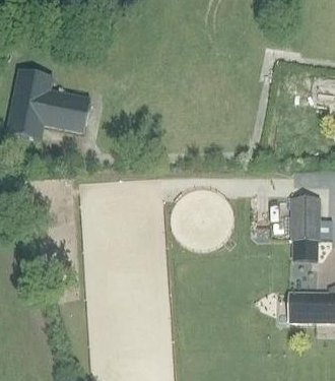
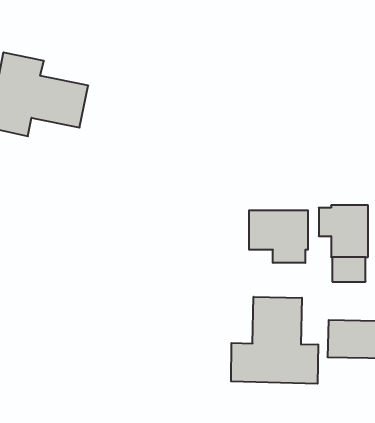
building: none -> [249,210,308,263]
building: none -> [231,297,318,384]

